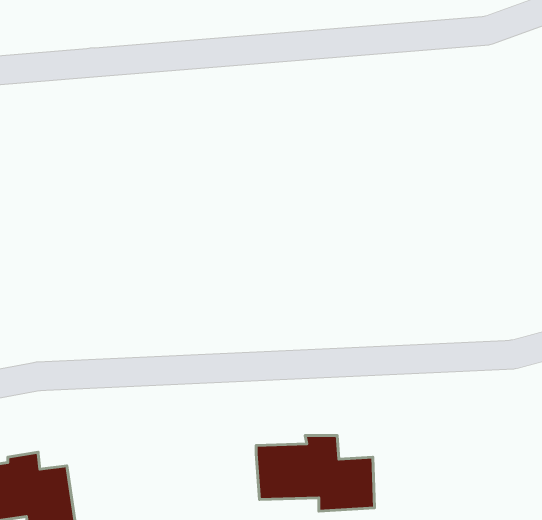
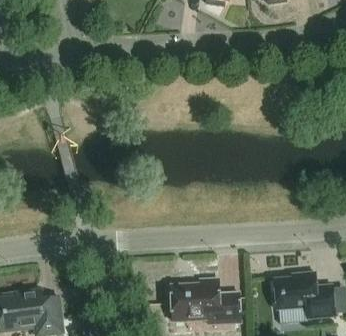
building: none -> [273,271,335,318]

